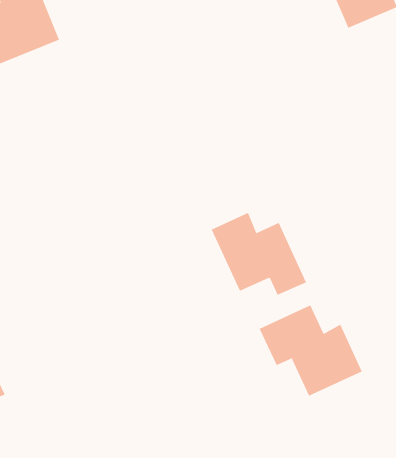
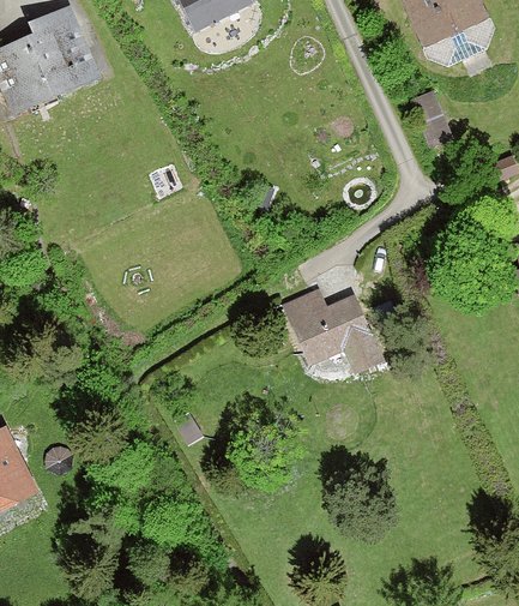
building: [259,305,362,396] -> none

